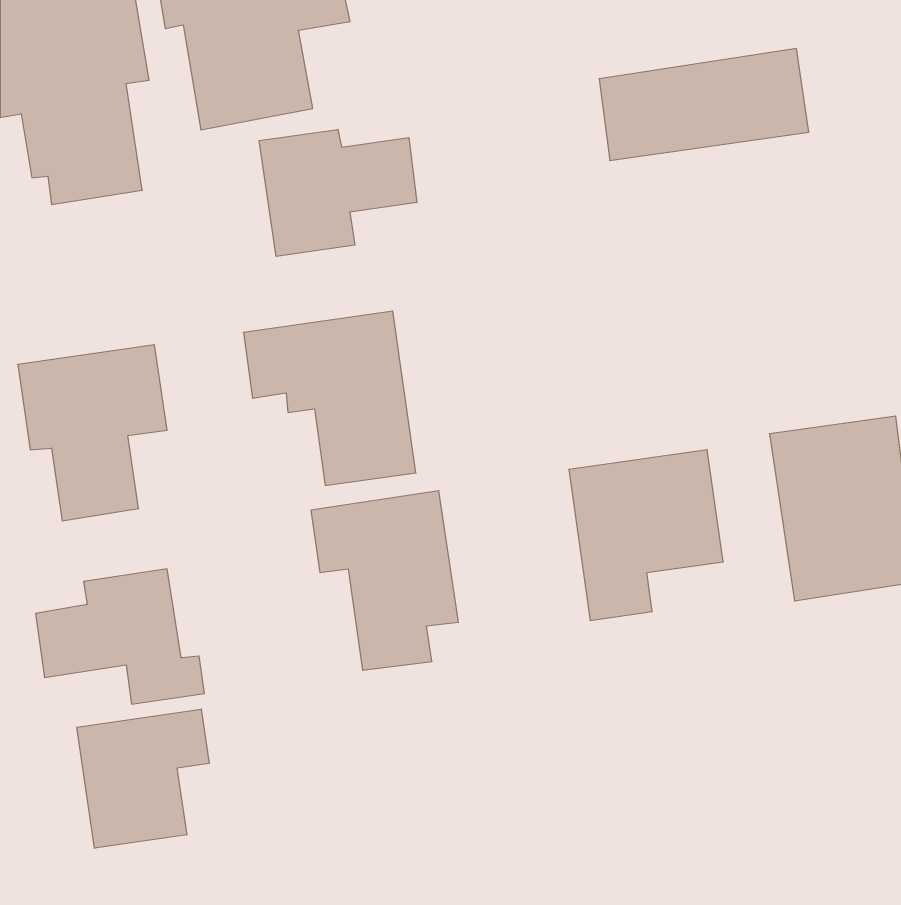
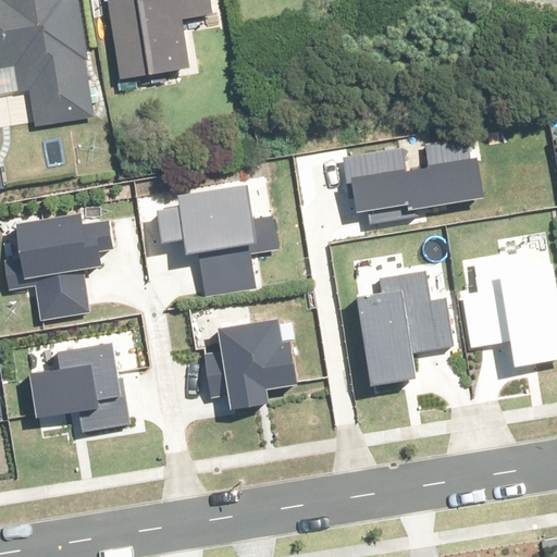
building: [599,49,809,161] -> [352,141,481,210]
building: [259,129,417,256] -> none
building: [77,709,209,848] -> none

